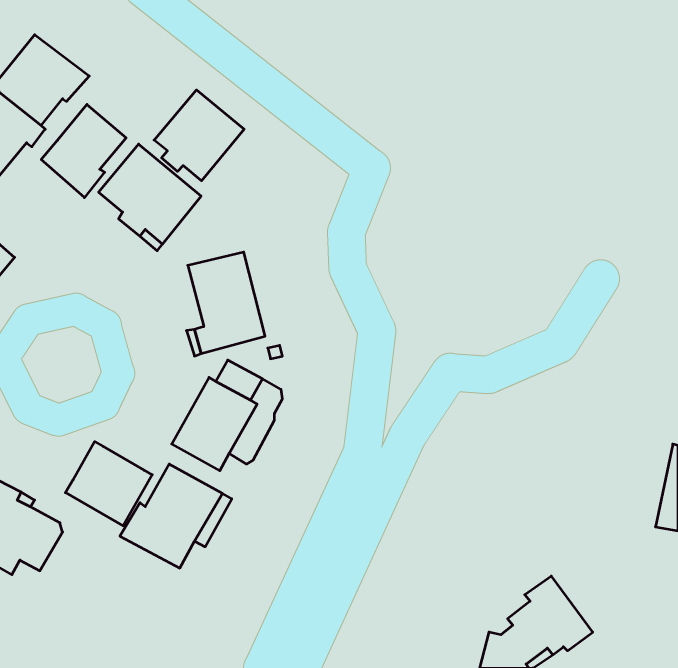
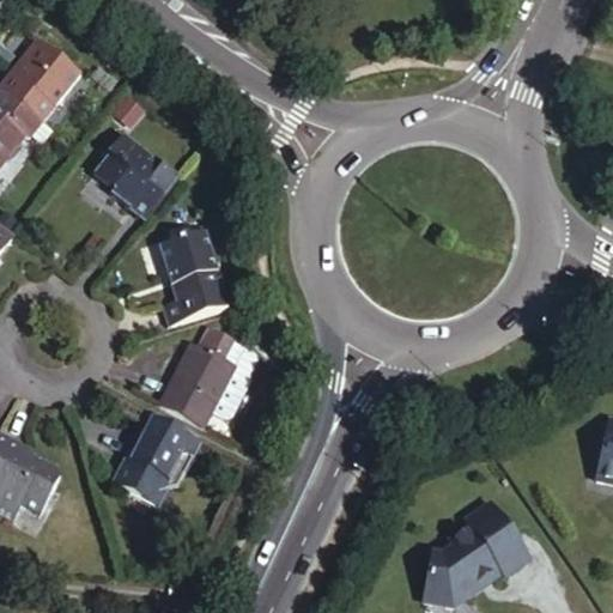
building: [154,90,244,181] -> none
building: [41,104,126,198] -> none
building: [65,442,152,526] -> none

